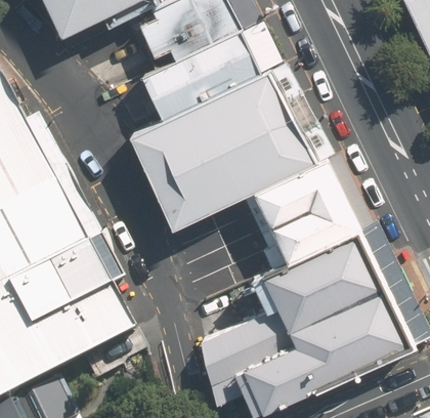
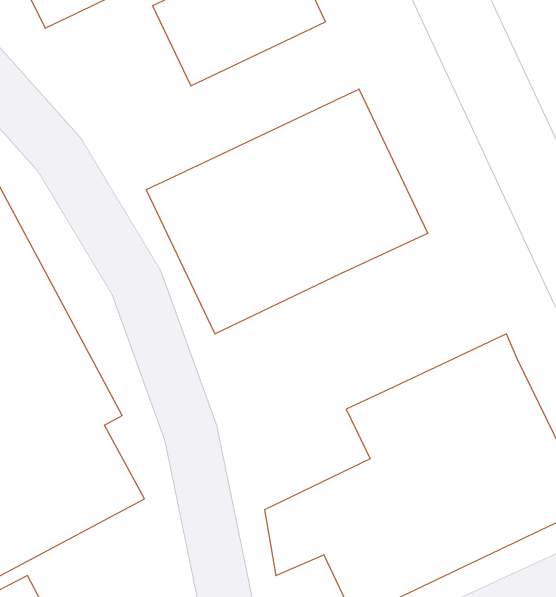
building: [142,27,266,119] -> none
building: [255,154,360,260] -> none

